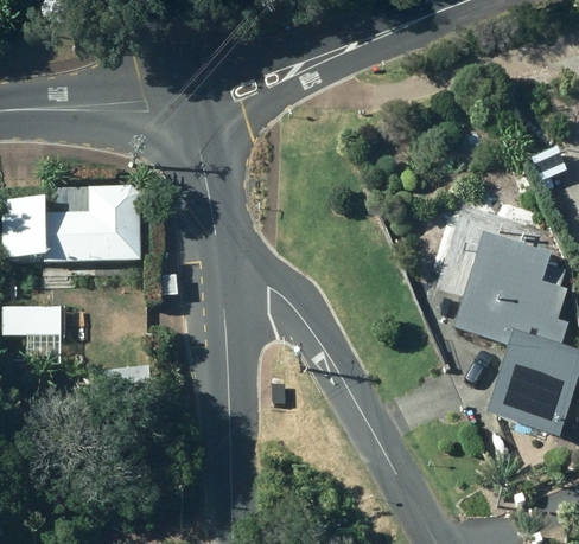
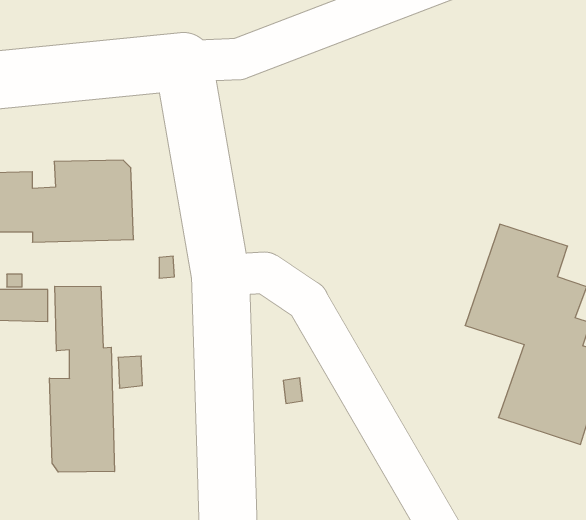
building: none -> [50,286,114,472]

